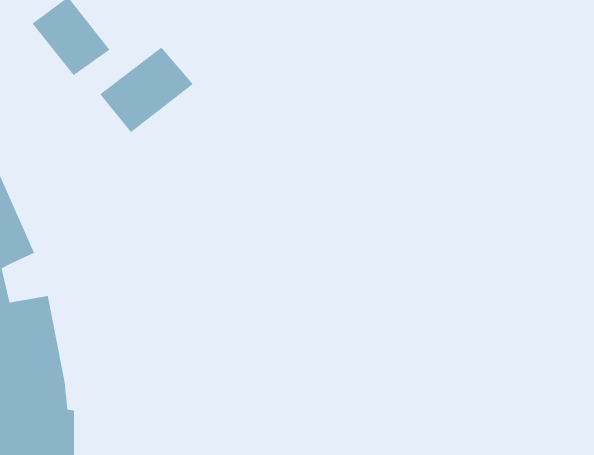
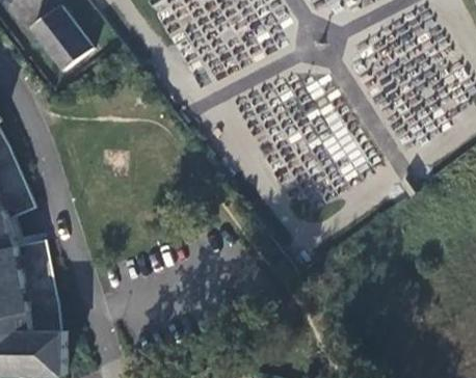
building: [99,46,194,133] -> none

